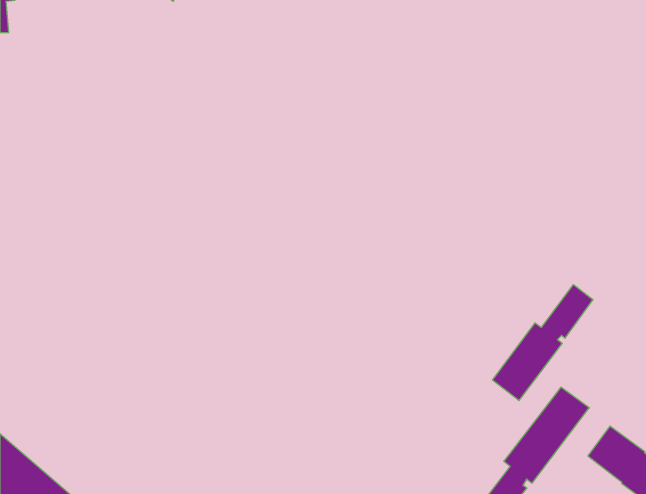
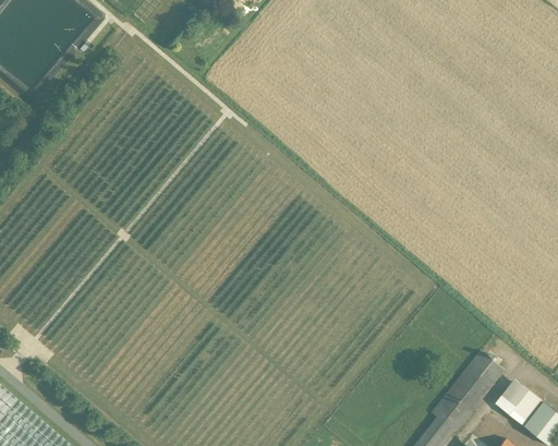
building: [493,285,593,401] -> none

